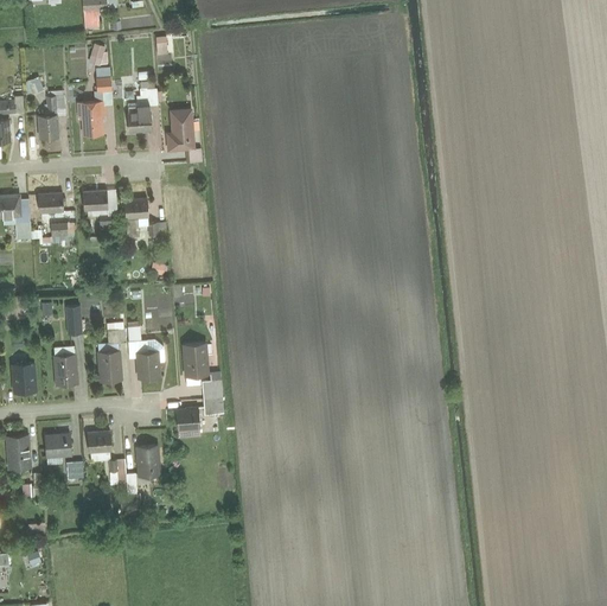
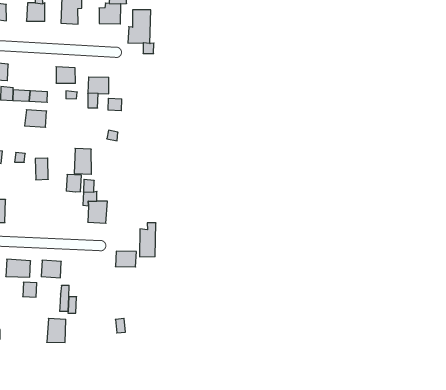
building: [37,193,63,215] -> [25,110,47,127]
building: [181,344,210,377] -> none
building: [53,350,79,385] -> none
building: [100,350,123,382] -> [74,148,91,174]
building: [138,446,161,477] -> [47,318,66,342]

